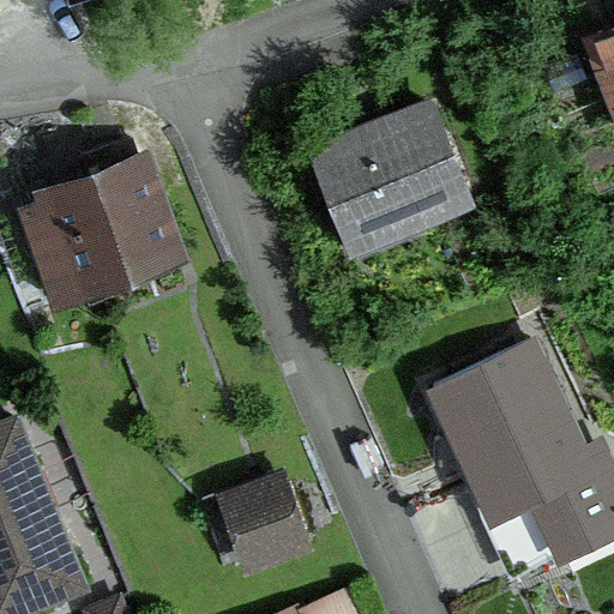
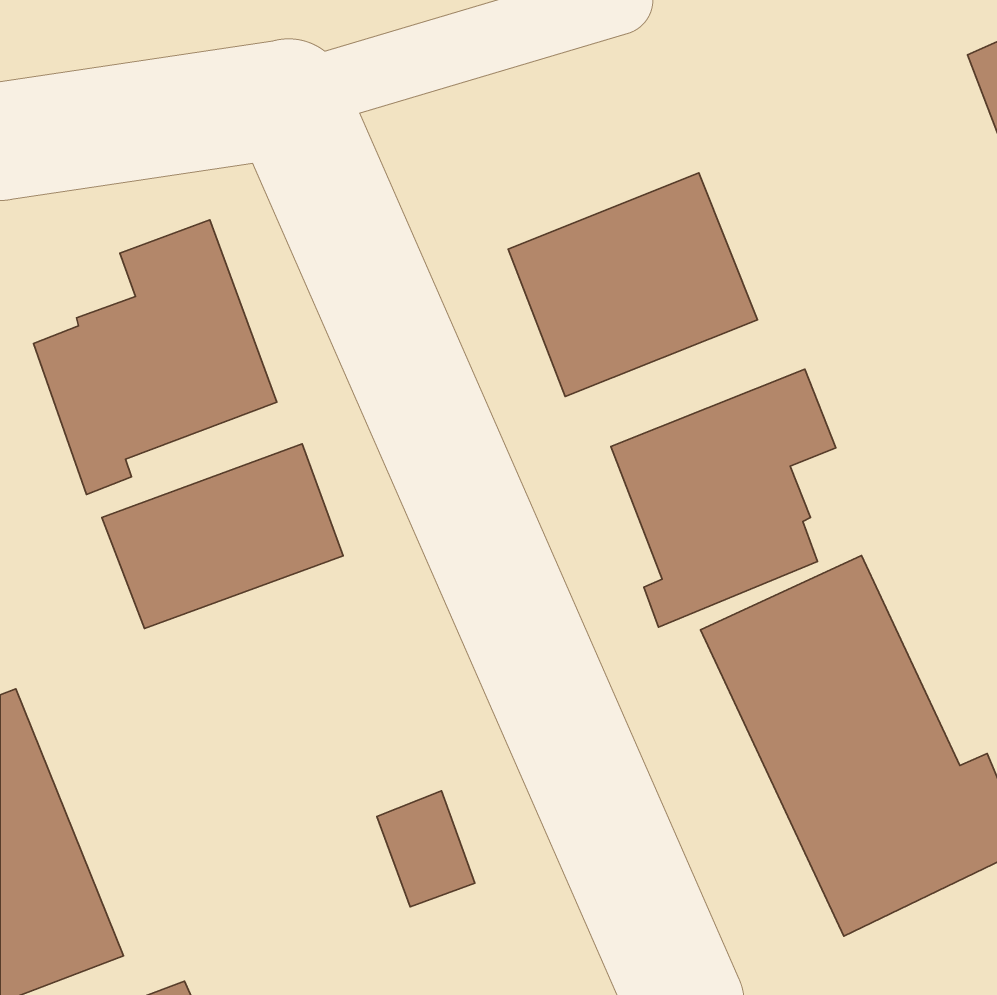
building: none -> [611,369,836,627]
building: none -> [102,444,343,628]

